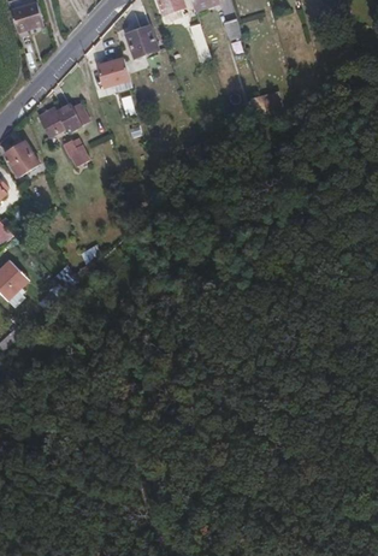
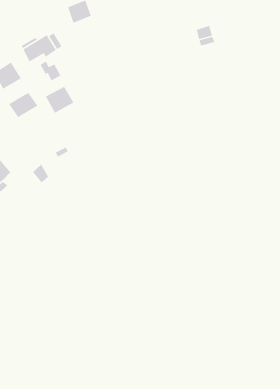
building: none -> [45,86,75,114]
building: none -> [8,92,38,118]

